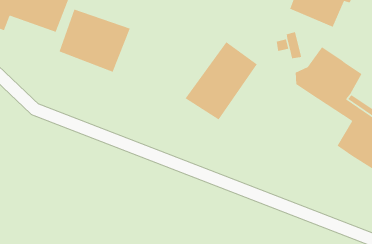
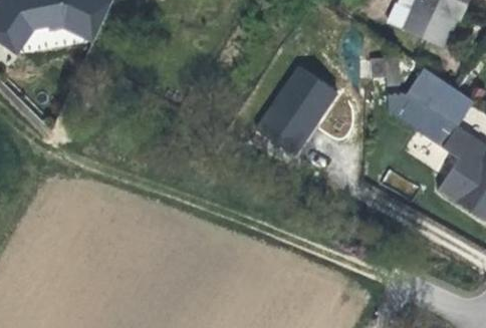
building: [58,8,131,73] -> none

